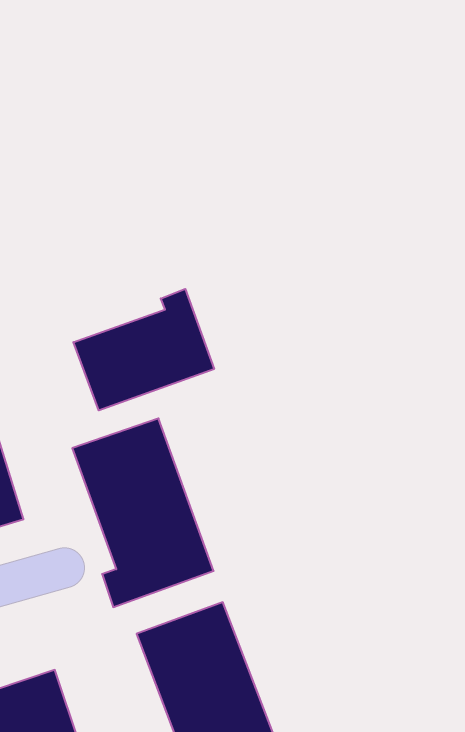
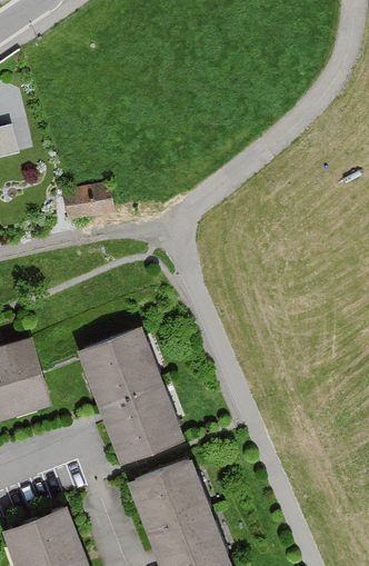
building: none -> [64,180,116,216]
building: [73,289,214,410] -> none

